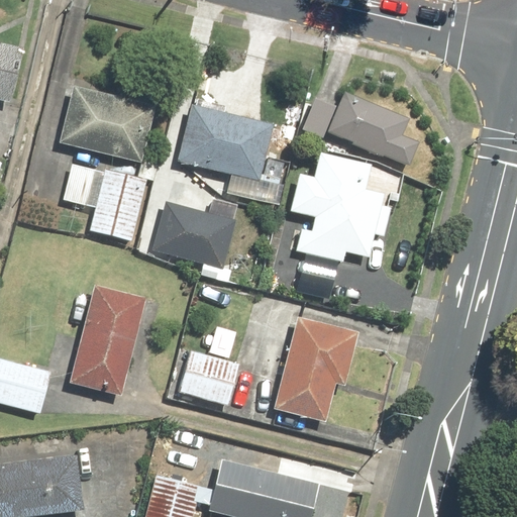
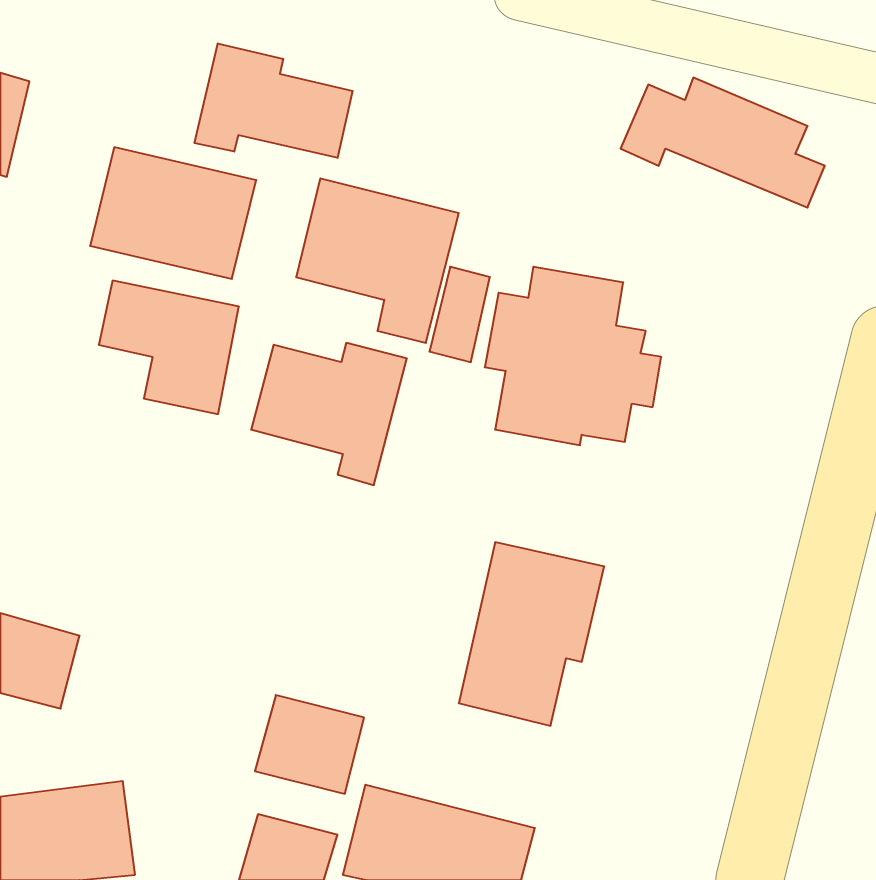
building: none -> [195,43,353,158]
building: [300,90,419,166] -> [621,78,825,208]
building: [67,284,146,396] -> none
building: [177,348,240,406] -> [255,695,364,794]

